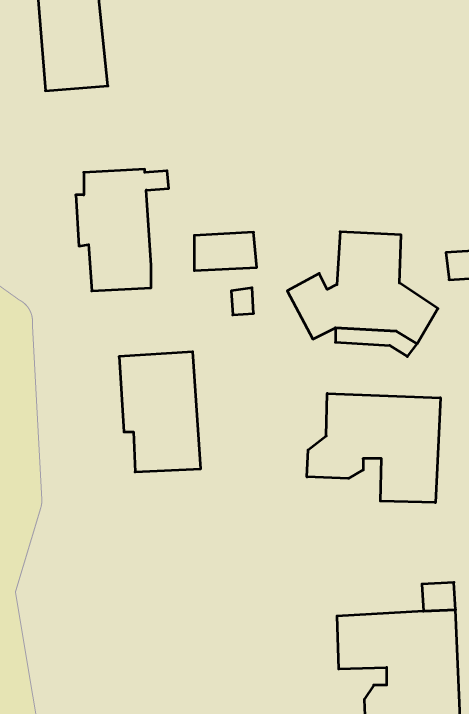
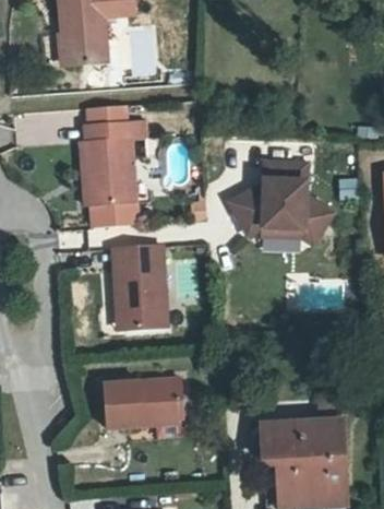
building: [194,232,257,271] -> [94,200,136,226]
building: [307,393,440,503] -> none
building: none -> [105,376,184,438]

